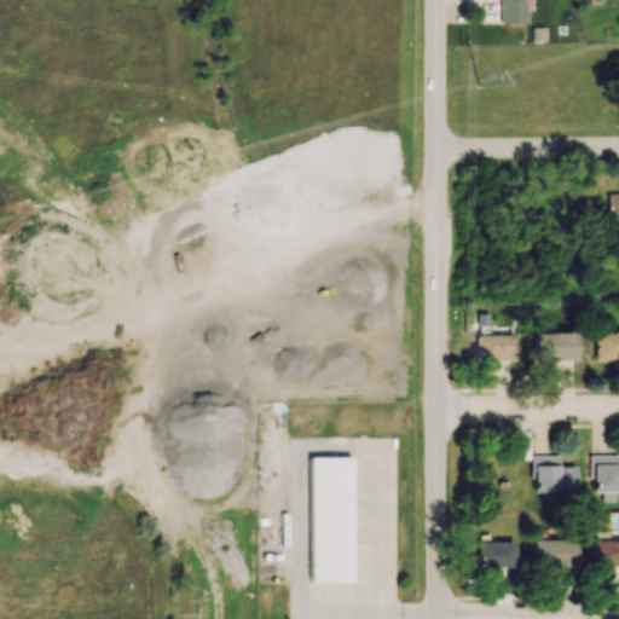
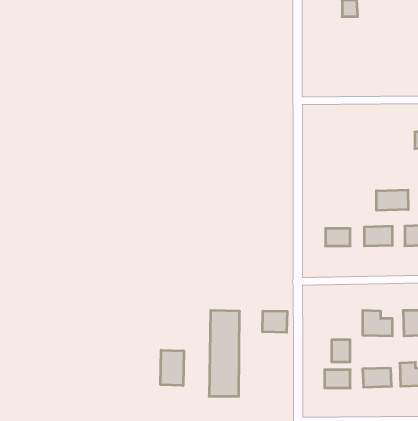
building: none -> [376,190,408,210]
building: none -> [263,311,287,332]
building: none -> [332,340,350,362]
building: none -> [161,350,184,386]

